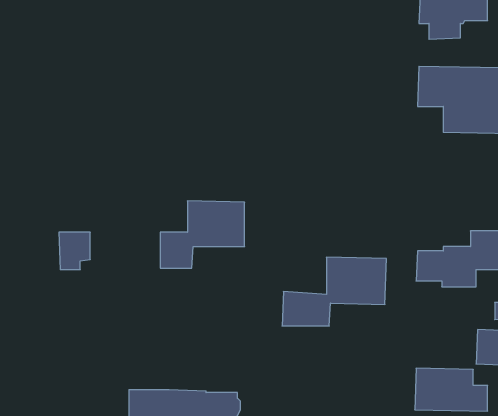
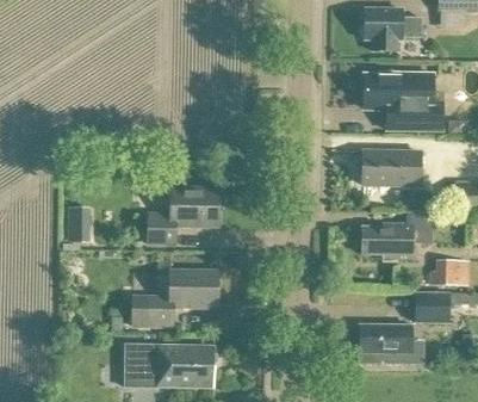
building: none -> [362,151,421,185]
building: [282,257,386,326] -> [132,268,219,326]

